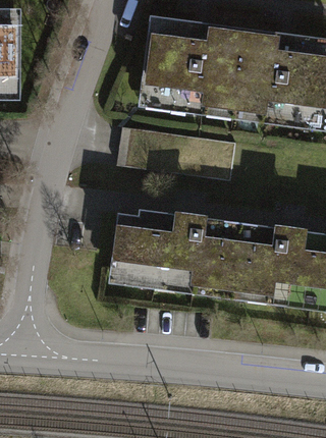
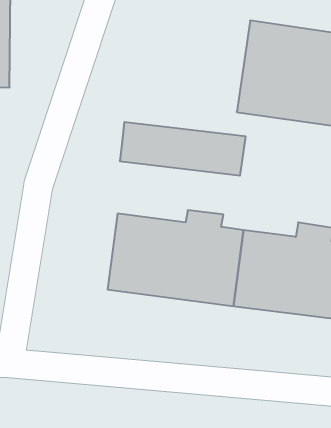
building: [134,18,240,115] -> none

